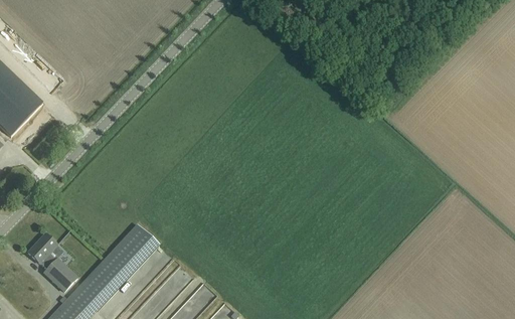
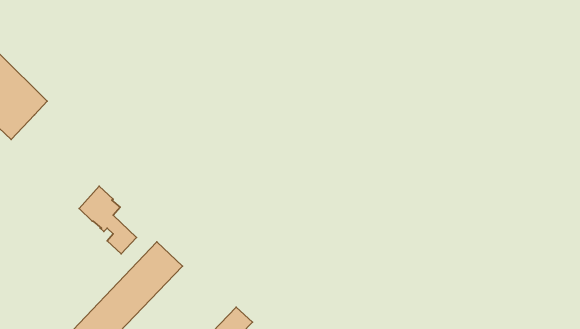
building: [28,233,77,292] -> [79,186,136,254]

